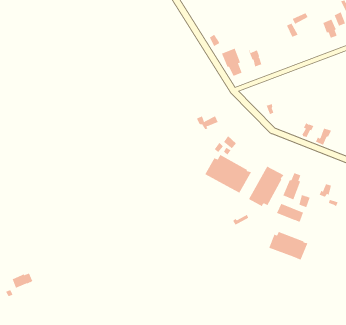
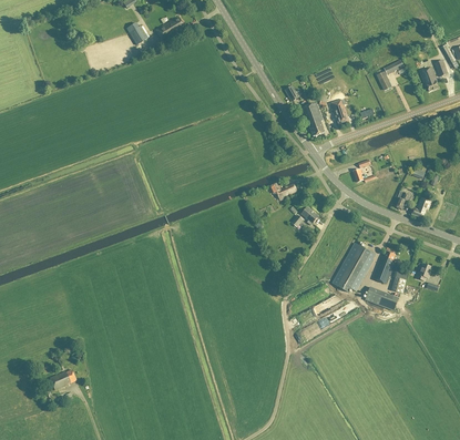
building: [205,154,252,193] -> none
building: [268,231,308,260] -> none

